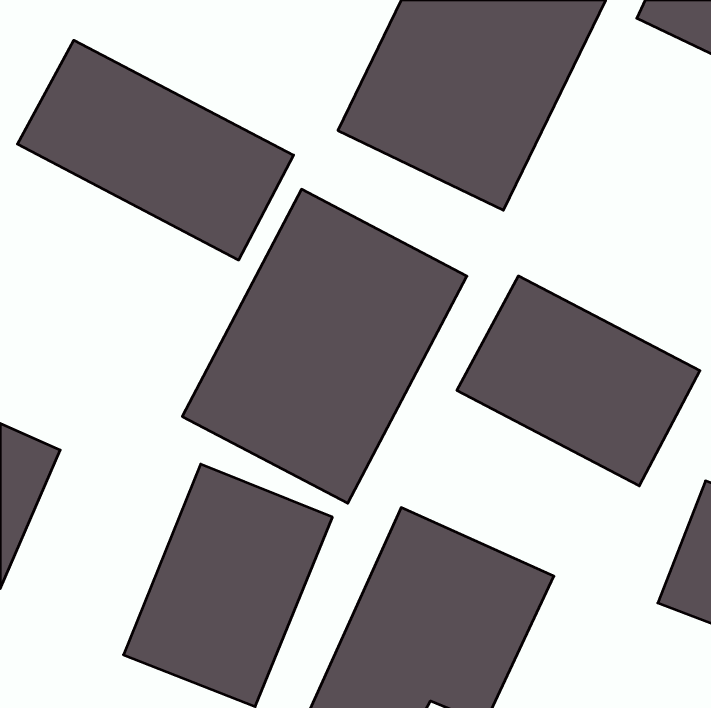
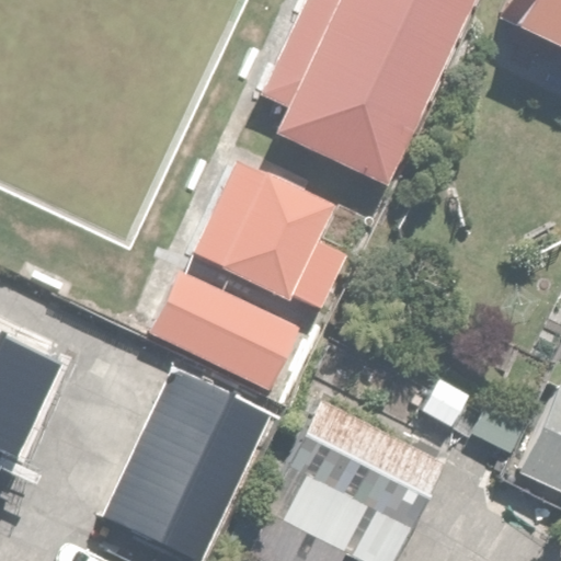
building: [17,40,294,260] -> none
building: [457,276,700,486] -> none

